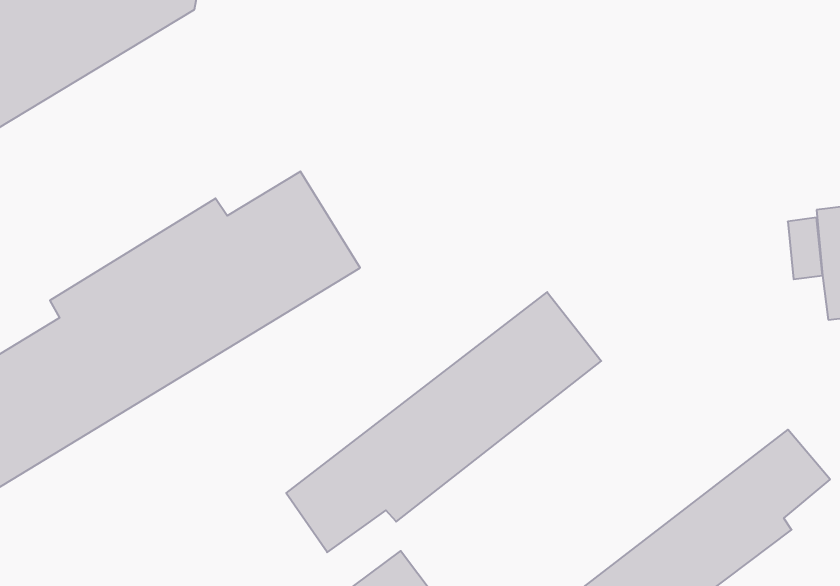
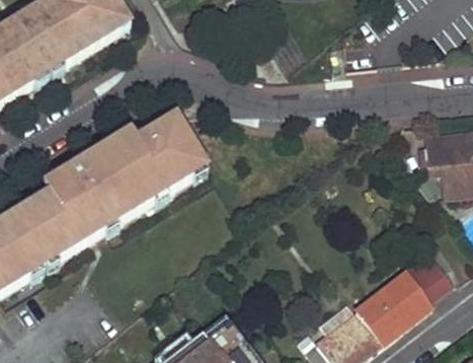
building: [286,292,601,552] -> none

